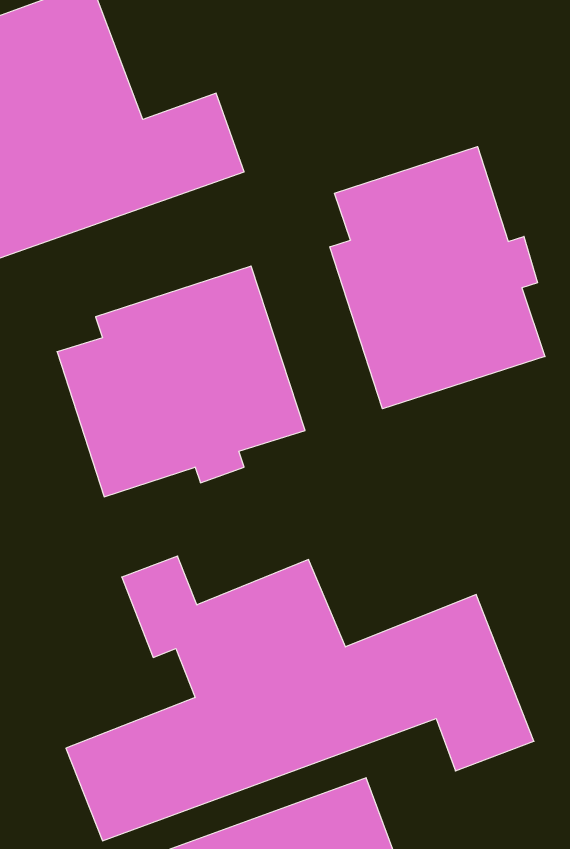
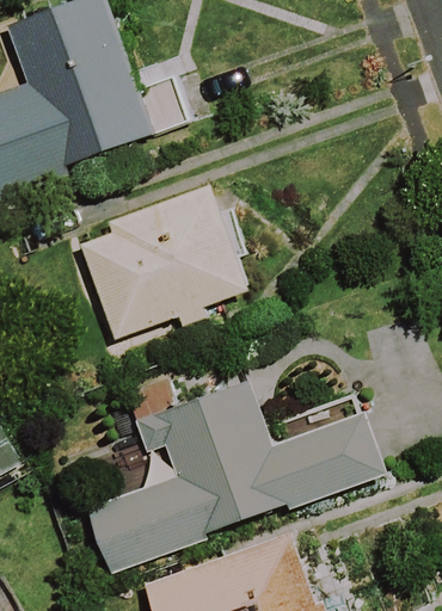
building: [330,147,545,409] -> none

